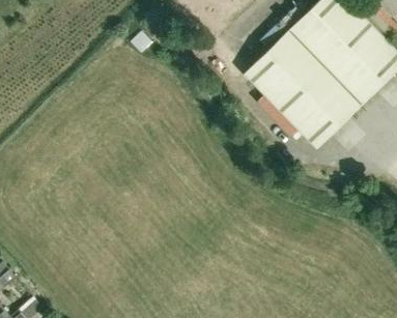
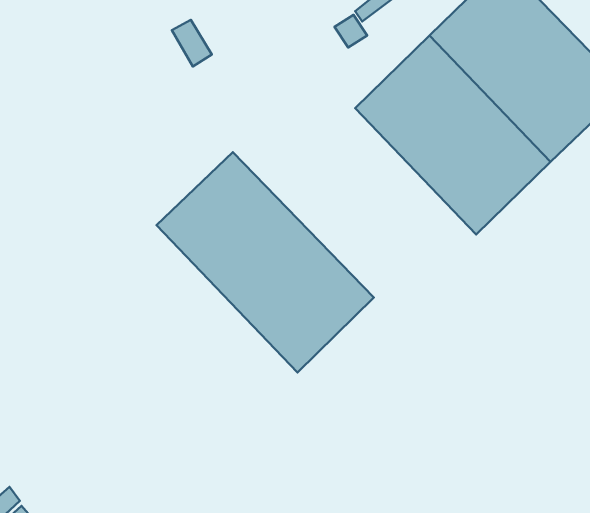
building: none -> [156,152,374,373]

